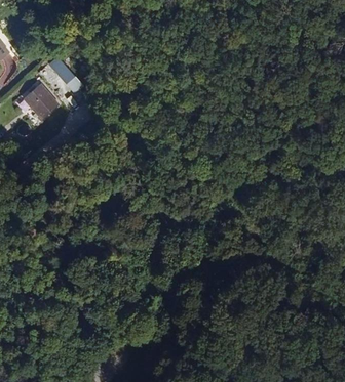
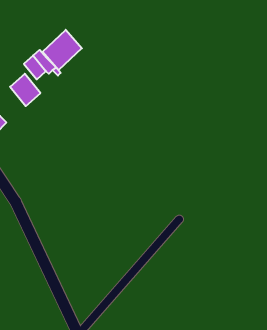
building: none -> [42,30,82,70]

